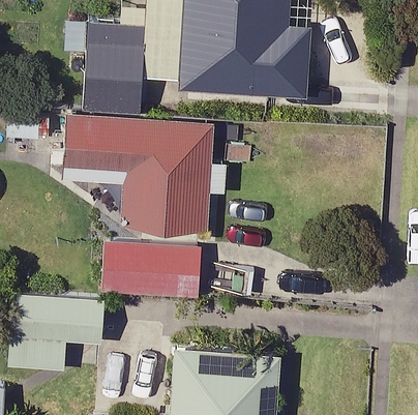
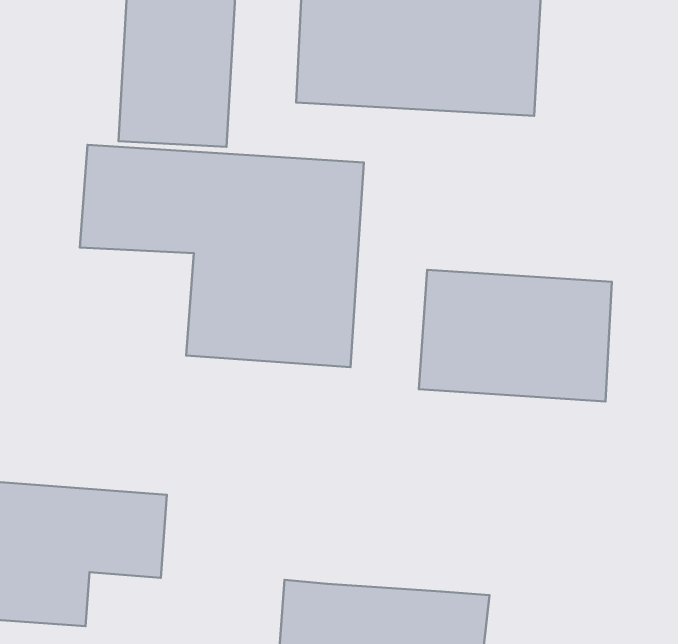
building: none -> [419,270,612,402]
building: [100,242,202,300] -> none

